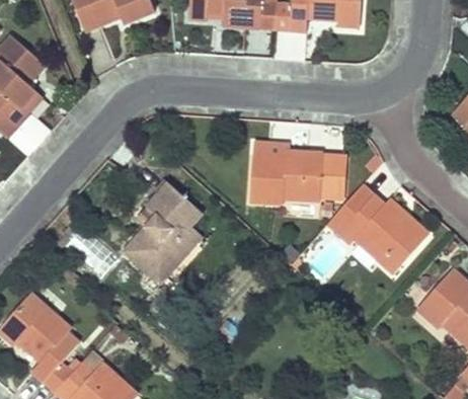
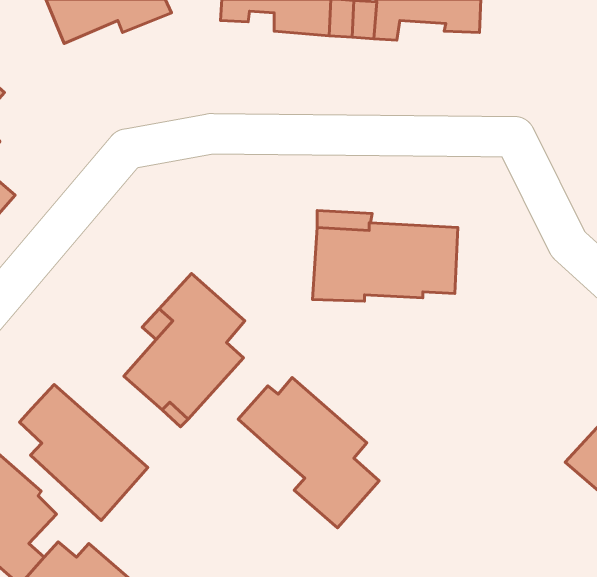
building: [327,183,426,273] -> none
building: none -> [238,377,379,528]
building: none -> [19,384,148,520]

